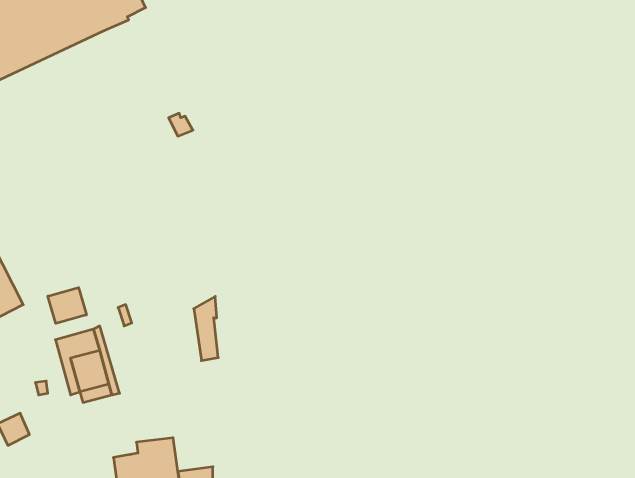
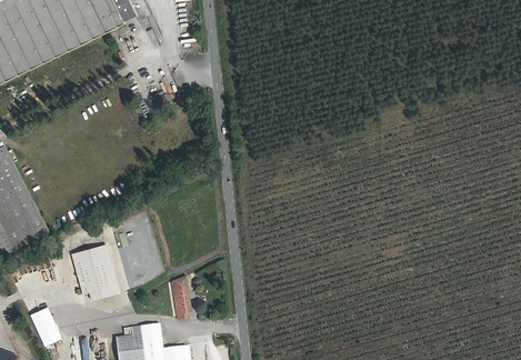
building: [48,288,86,323] -> none
building: [194,296,218,361] -> [170,277,188,323]

